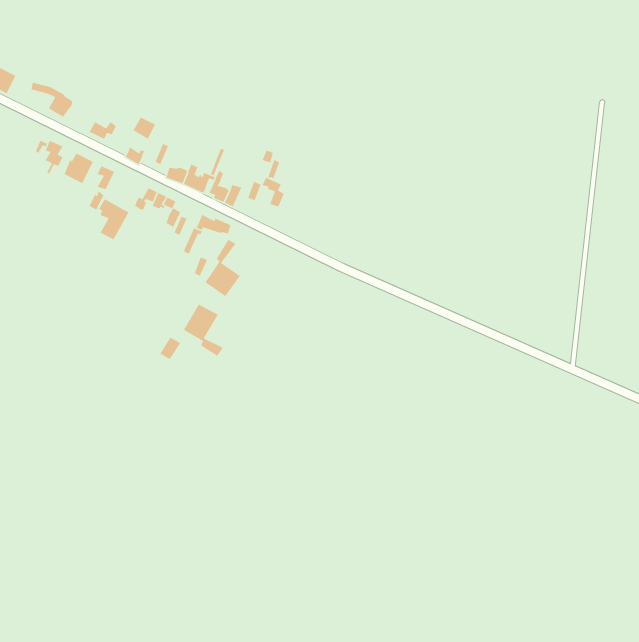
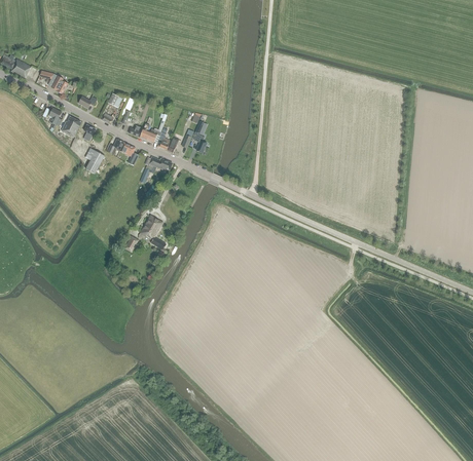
building: [204,239,241,297] -> none

